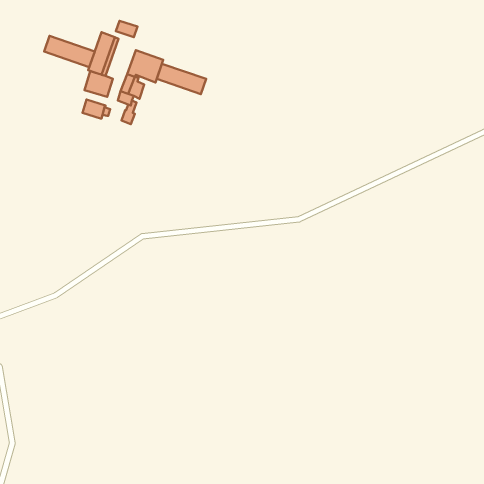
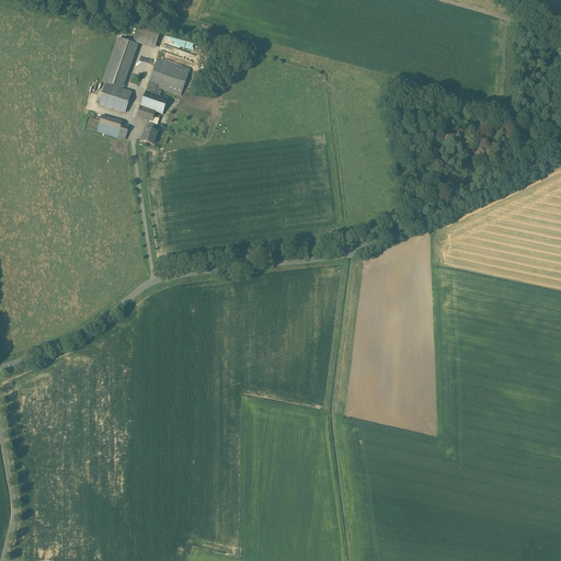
building: [44,36,95,67] -> none
building: [157,64,206,94] -> none

